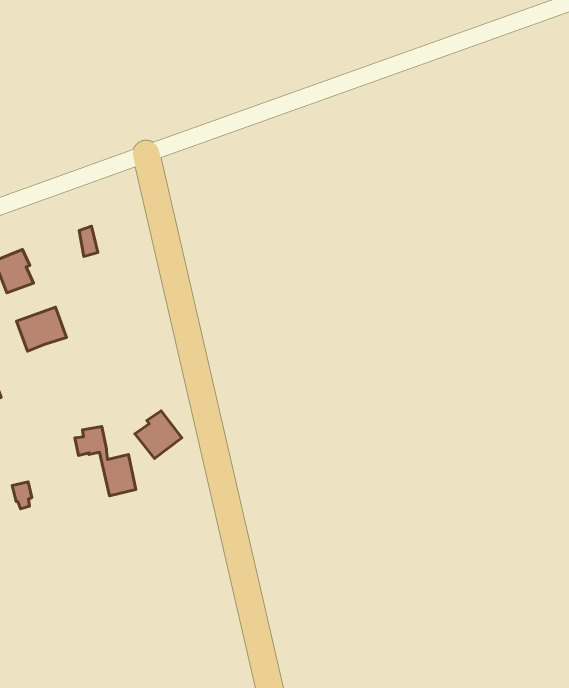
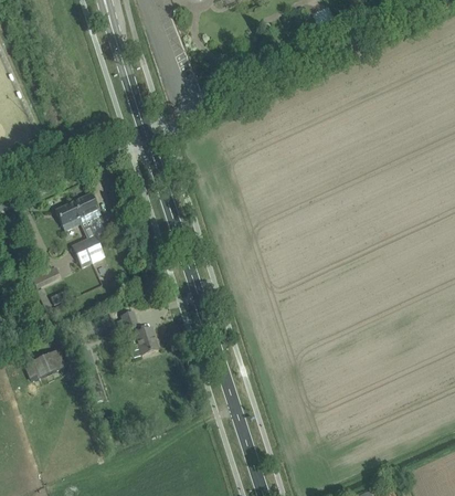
building: none -> [72,191,100,221]
building: [135,411,182,459] -> none

